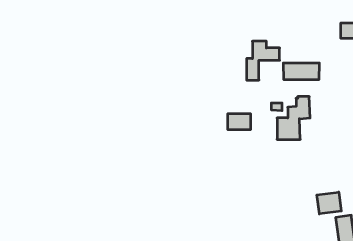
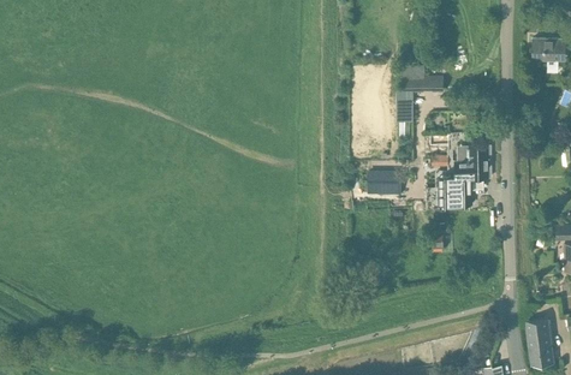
building: [283,63,319,80] -> none
building: [317,192,341,214] -> none

